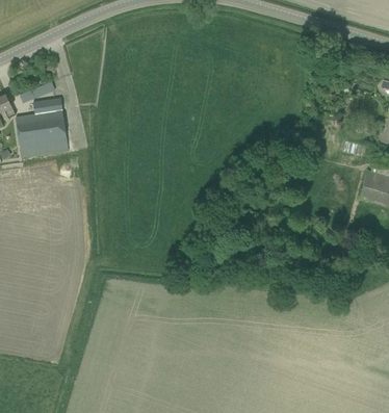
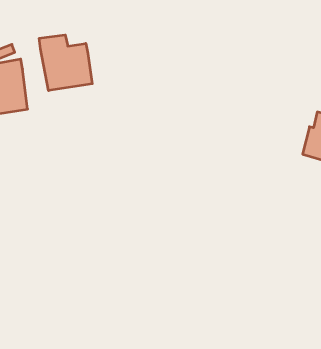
building: none -> [39,35,92,91]

